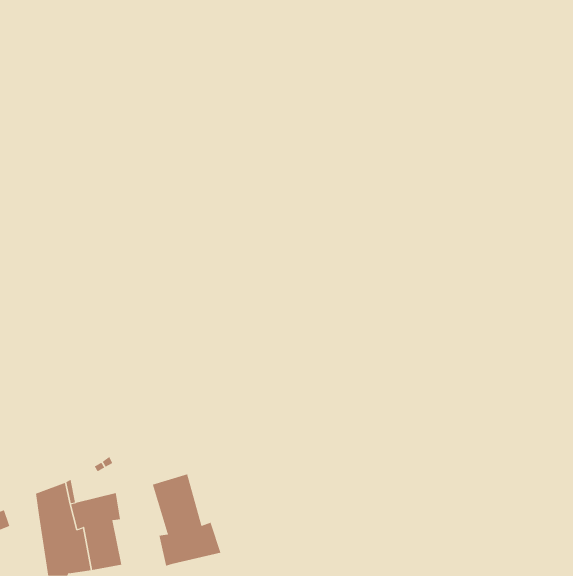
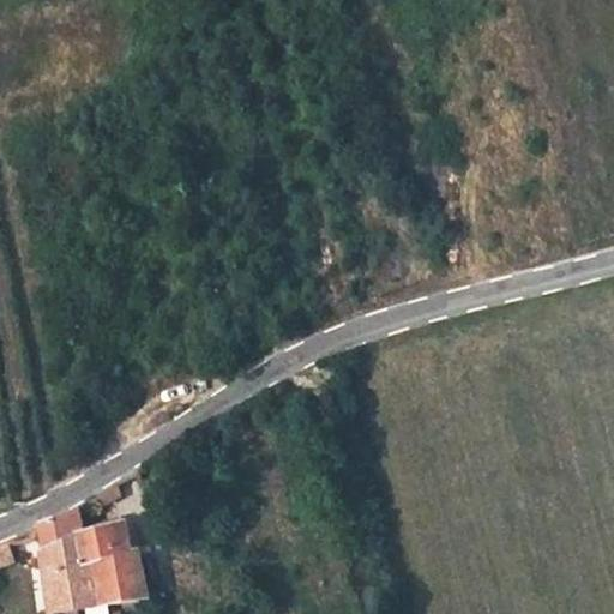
building: [152,473,221,567] -> none

